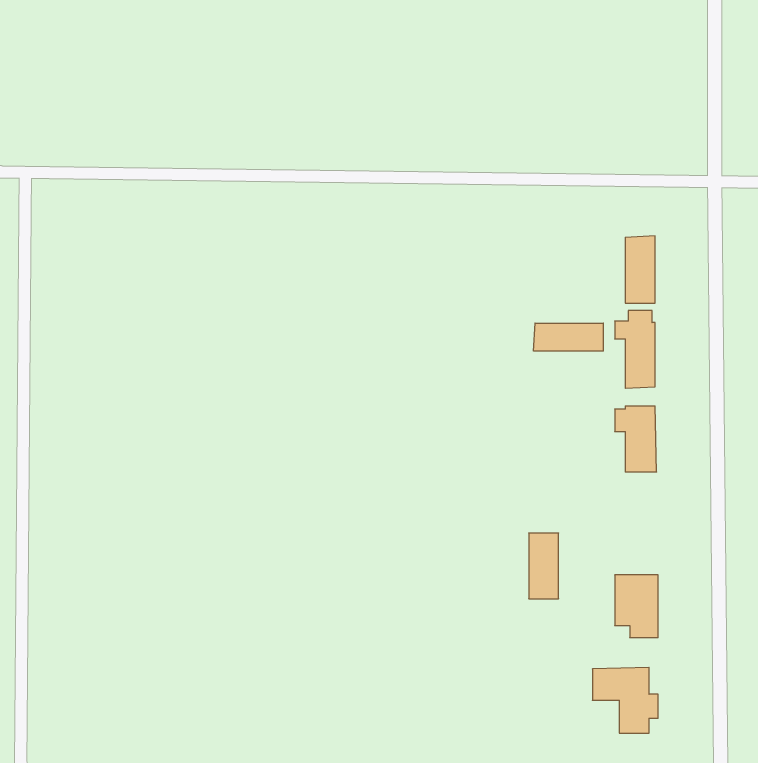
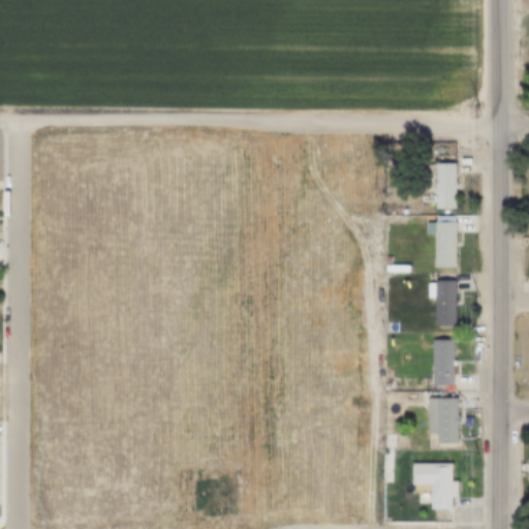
building: [534,323,603,351] -> none
building: [529,533,559,599] -> [434,340,455,385]

